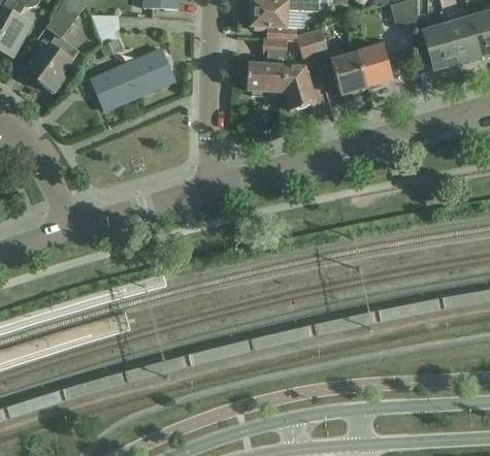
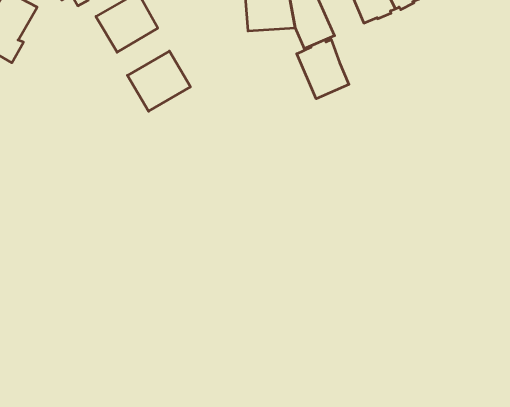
building: [90,63,139,109] -> [127,51,190,111]
building: none -> [297,40,349,99]

